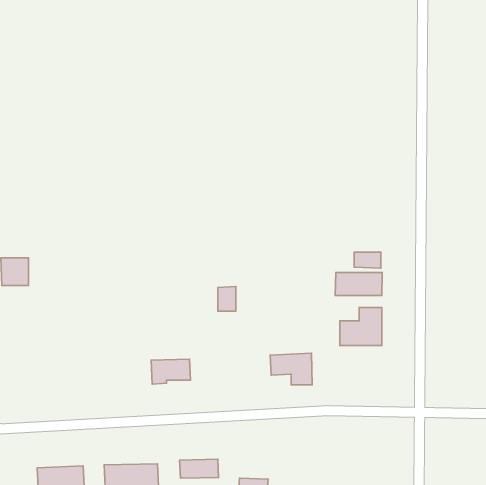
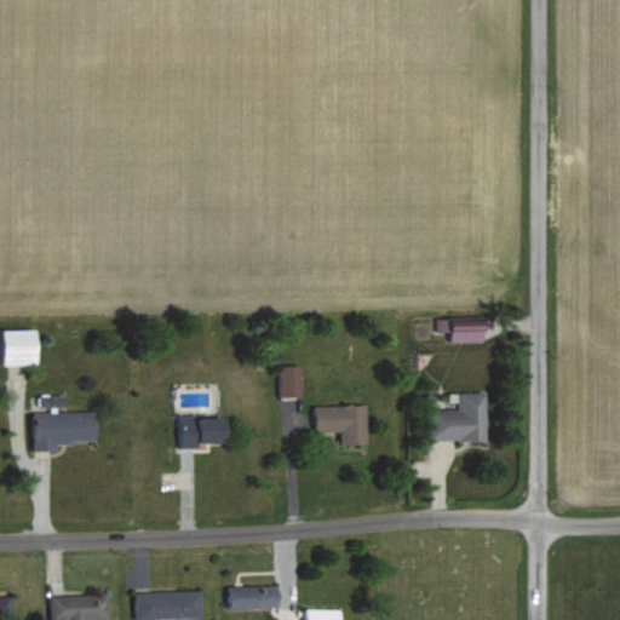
building: [335,272,382,296] -> none
building: none -> [33,396,97,453]
building: [270,353,312,385] -> [314,406,367,446]
building: [151,359,190,384] -> [180,418,230,449]

